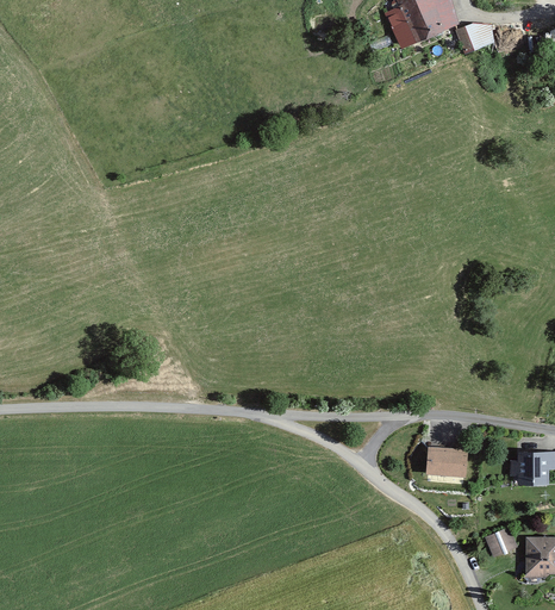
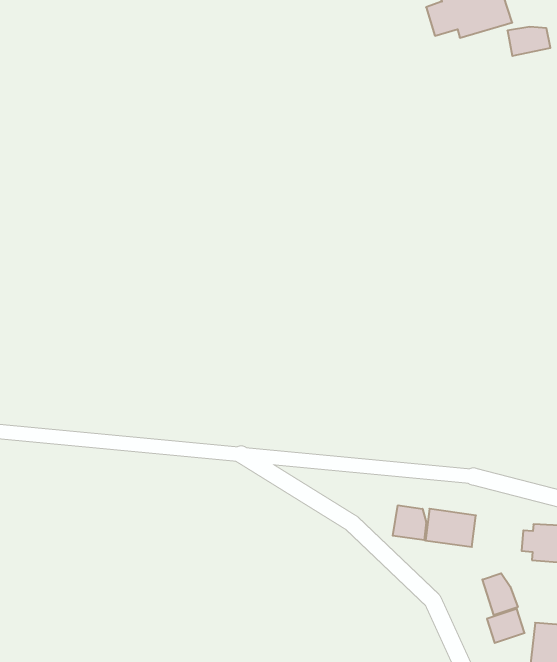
building: none -> [393,505,426,540]
building: none -> [482,573,518,615]

